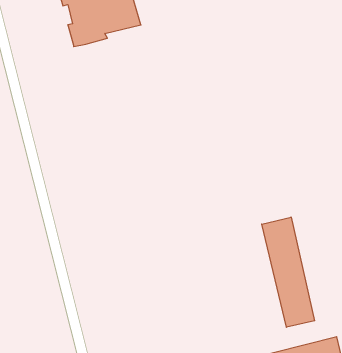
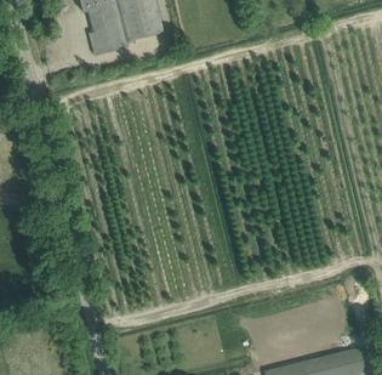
building: [262,217,315,327] -> none

